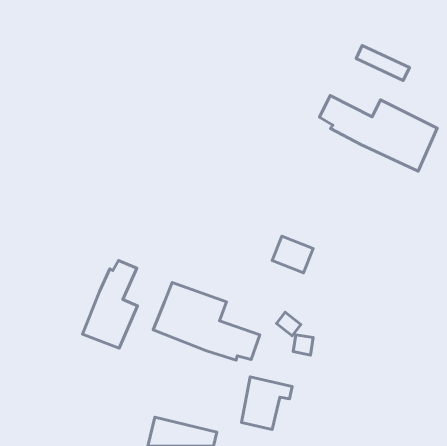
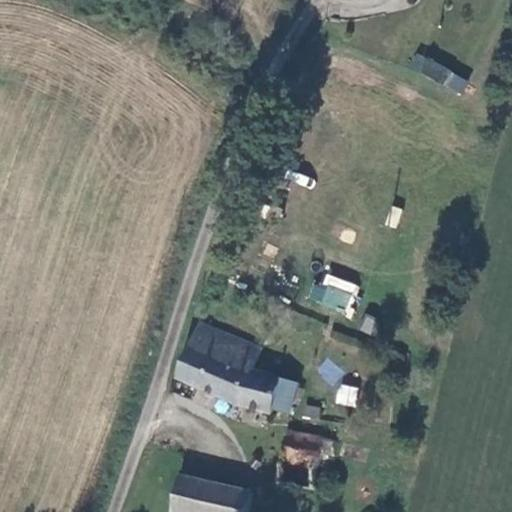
building: [319,96,437,171] -> none
building: [83,260,137,348] -> none

